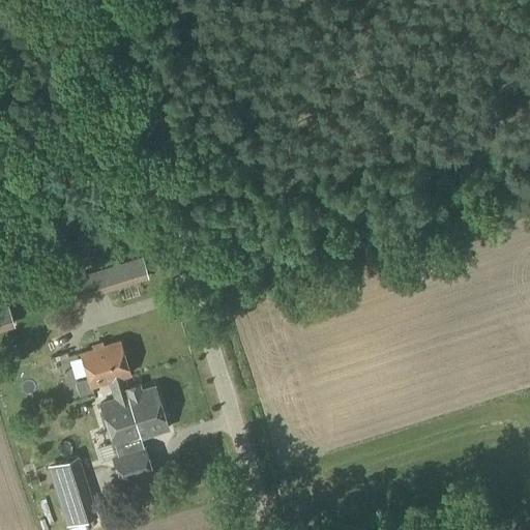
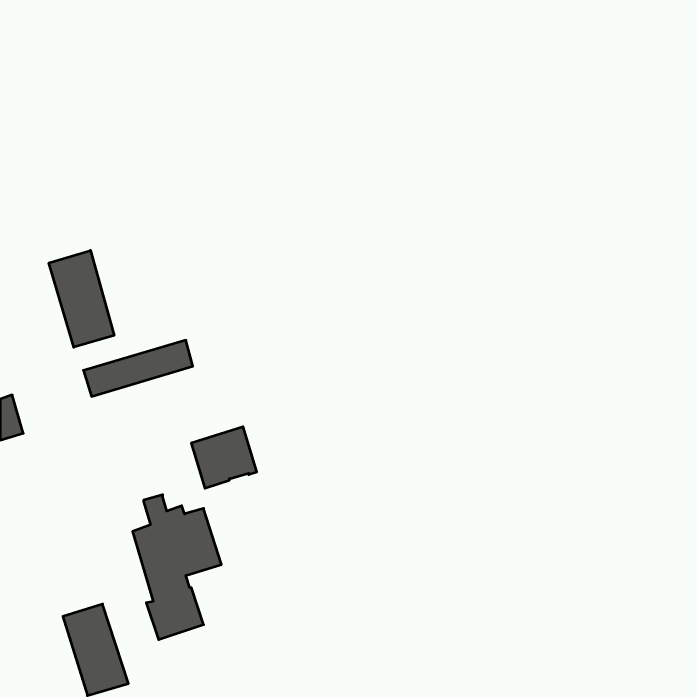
building: none -> [49,250,114,347]
building: [81,340,130,386] -> [191,427,257,488]

